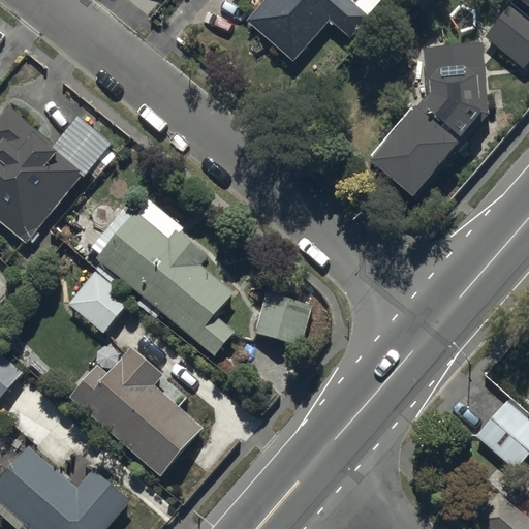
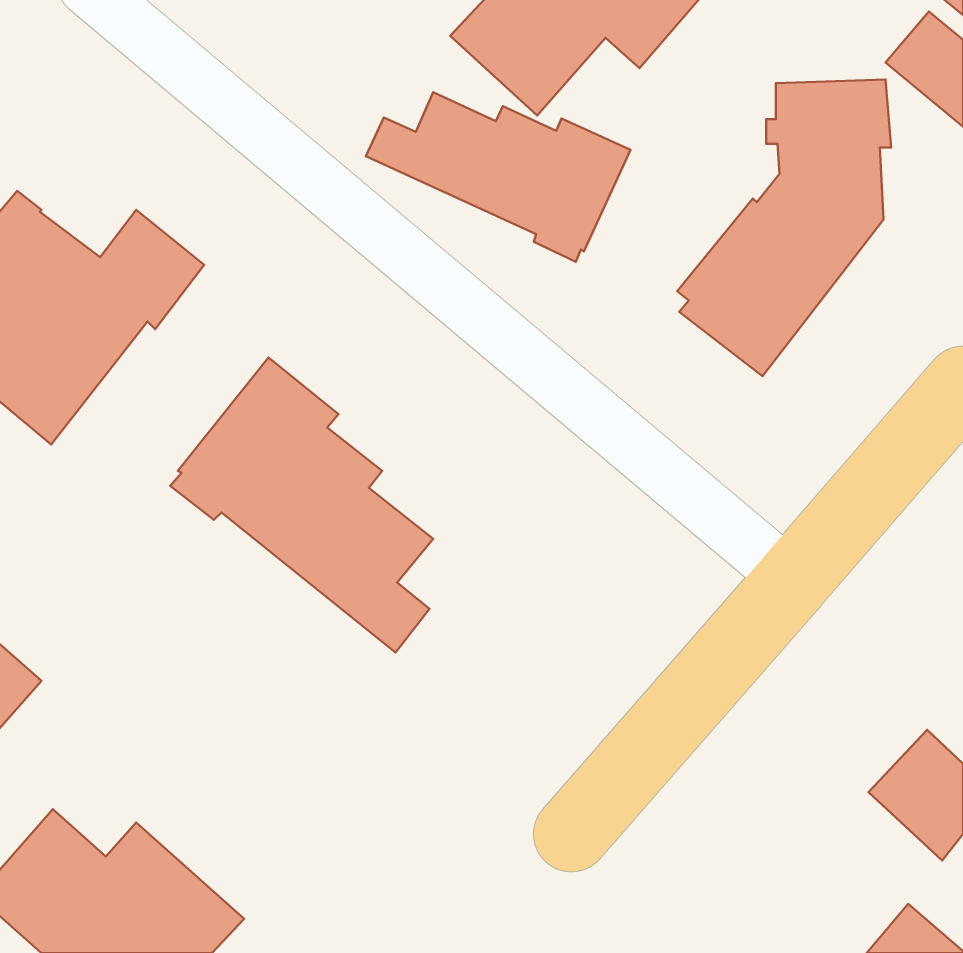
building: none -> [366,92,630,262]
building: [66,271,128,333] -> none
building: [253,289,315,347] -> none
building: [64,346,205,480] -> none

